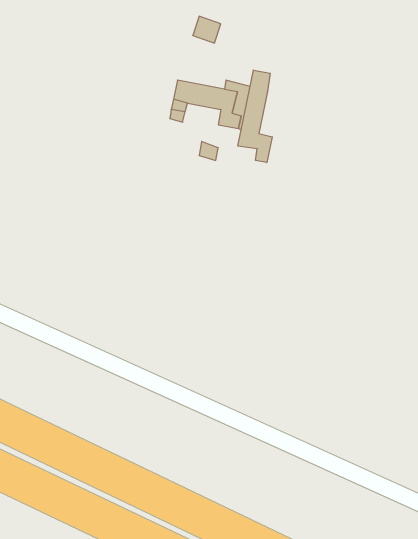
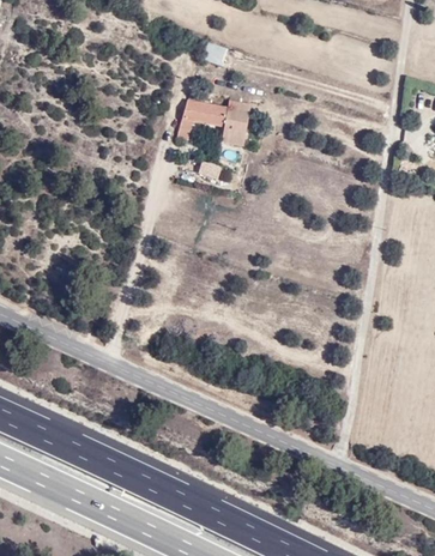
building: [238,70,272,163] -> none

